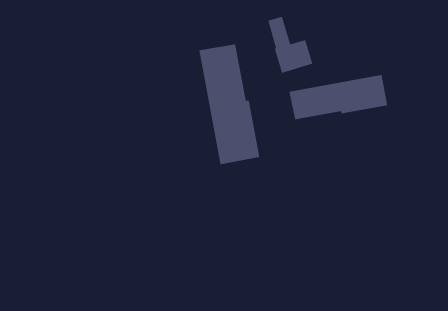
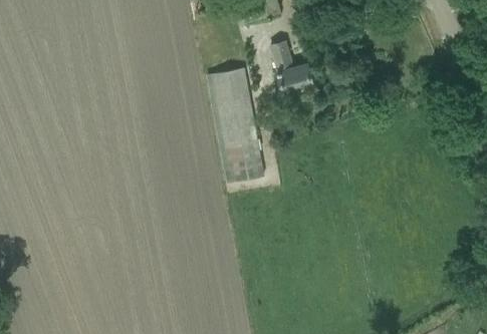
building: [289,74,388,120] -> none

